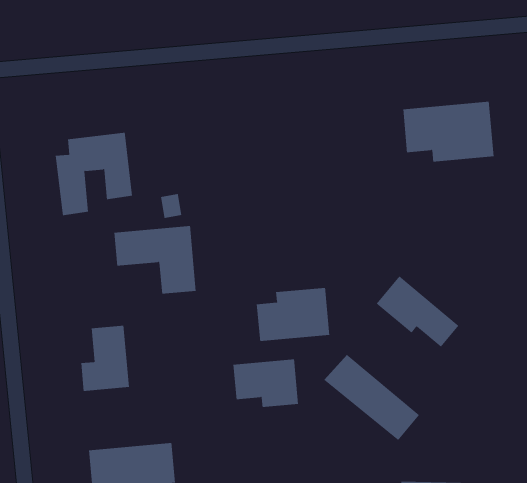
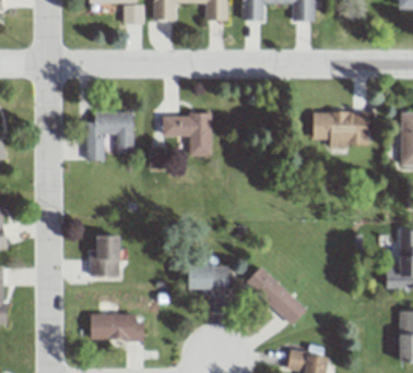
building: [114,226,197,294] -> [162,113,212,156]
building: [376,276,459,347] -> none
building: [256,287,330,342] -> none

